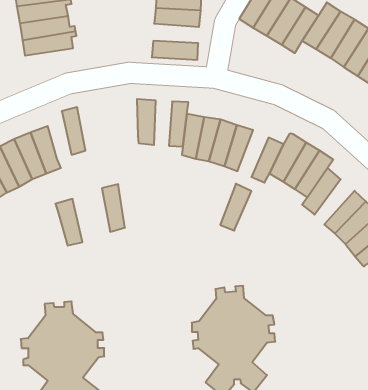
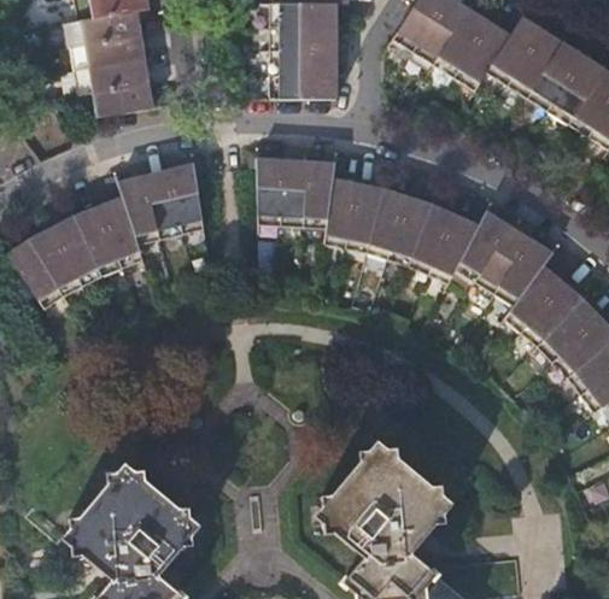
building: none -> [275,45,342,74]
building: none -> [86,81,168,118]
building: none -> [276,158,303,224]
building: none -> [513,274,572,340]
building: [220,184,251,231] -> [399,201,445,270]
building: [102,184,125,232] -> [163,162,197,231]
building: [55,199,82,246] -> [115,174,154,242]

